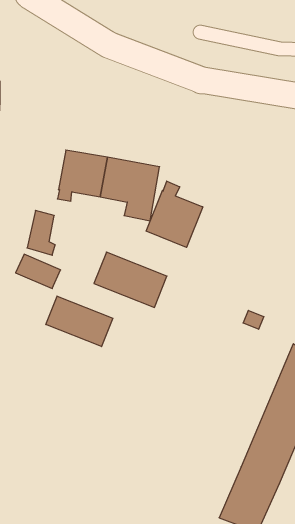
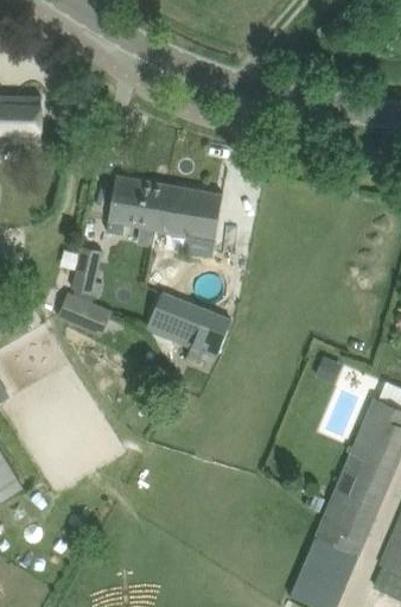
building: [146,181,203,247] -> none
building: [46,296,113,347] -> none

